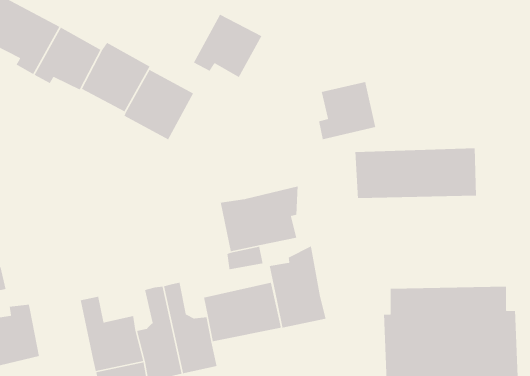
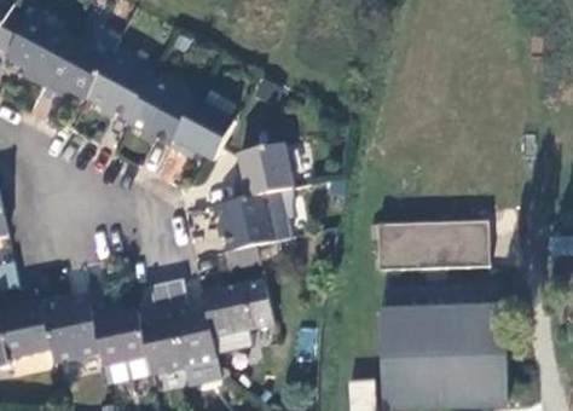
building: [193,14,262,78] -> [174,103,239,163]
building: [318,81,376,140] -> [242,147,296,203]
building: [355,147,477,199] -> [376,219,491,267]
building: [269,245,326,328] -> none
building: none -> [45,299,103,364]

